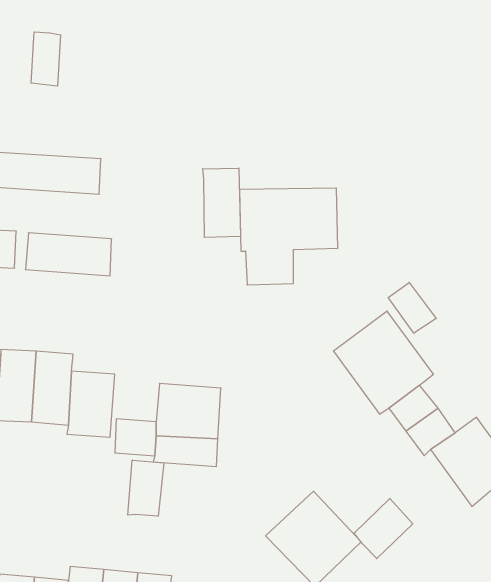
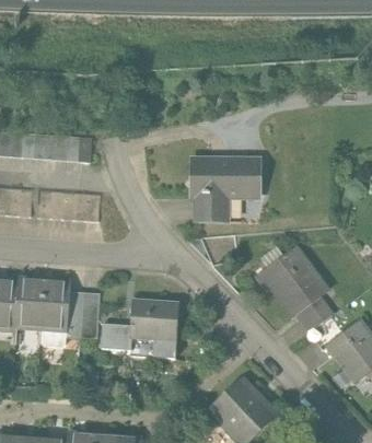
building: [31,32,61,86] -> none
building: [203,168,241,237] -> none
building: [388,282,436,333] -> none
building: [128,460,164,516] -> none
building: [354,498,413,559] -> none

